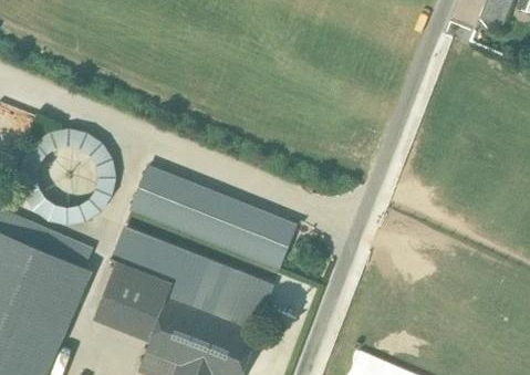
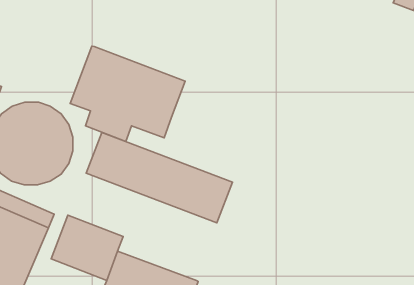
building: none -> [70,46,185,141]
building: [110,227,274,334] -> none

